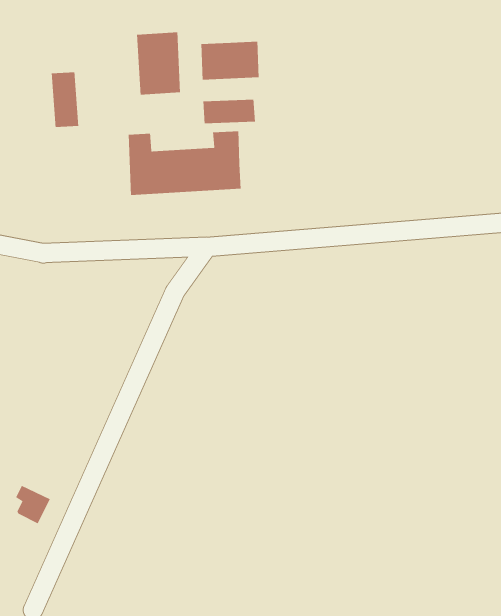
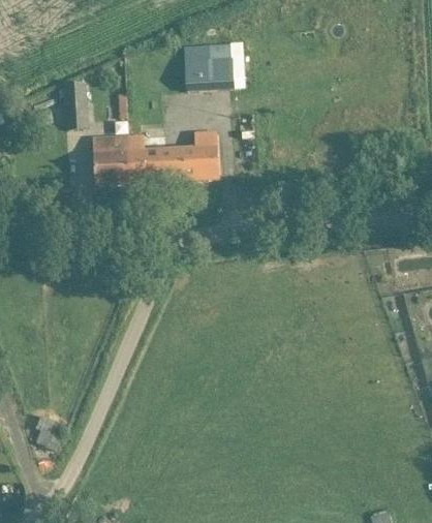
building: [136,31,181,95] -> [93,132,129,184]
building: [203,99,256,124] -> none

